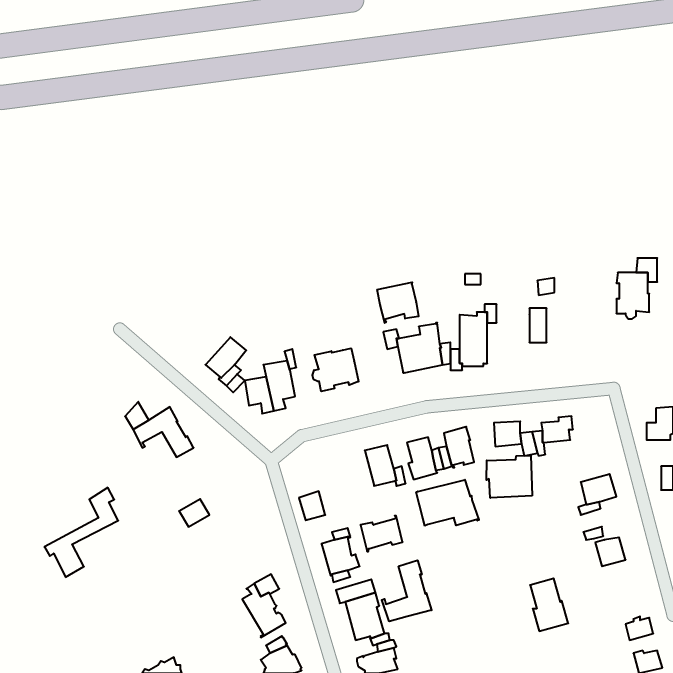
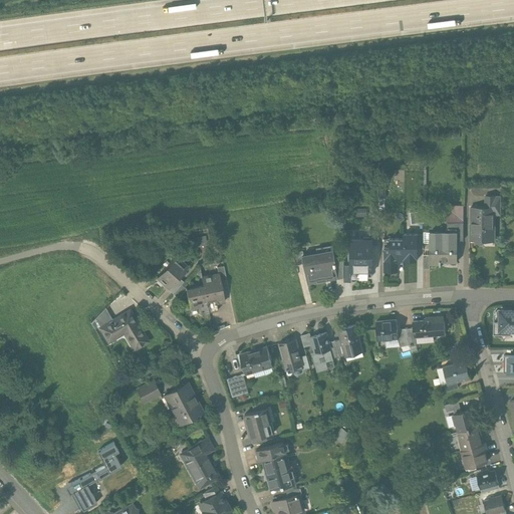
building: none -> [430,206,464,266]
building: [377,282,419,323] -> none
building: none -> [384,239,404,272]
building: [313,348,359,391] -> none
building: [486,456,532,498] -> none
building: [416,480,479,526] -> none
building: [44,488,118,577] -> [65,441,121,509]
building: none -> [165,382,202,424]
building: [360,516,403,551] -> [240,347,272,374]
building: [382,560,432,621] -> none
building: [530,578,568,631] -> [459,427,488,467]

